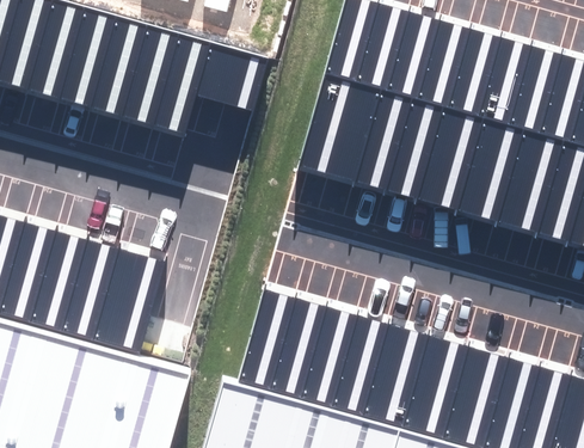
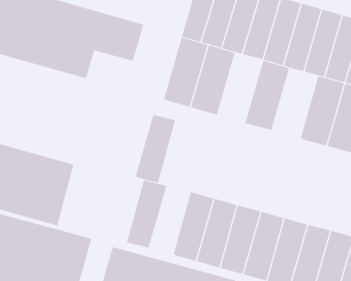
building: [371,100,437,203] -> none
building: [450,123,517,226] -> none
building: [272,294,332,394] -> [135,114,176,183]

